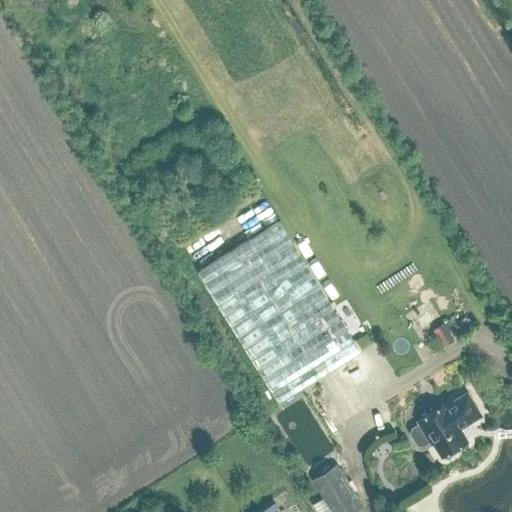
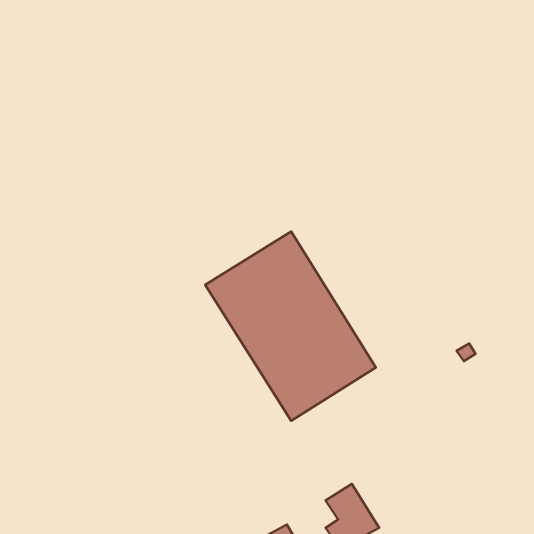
building: [418,392,481,455] -> none

